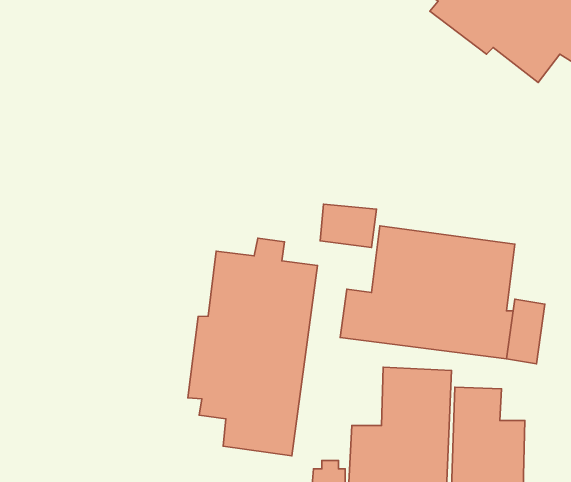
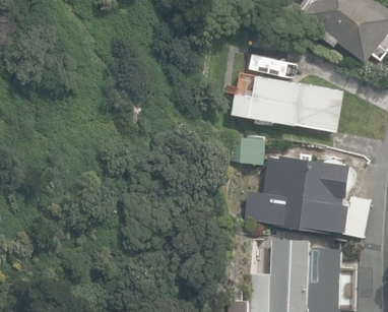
building: none -> [233,75,344,133]
building: [188,238,318,456] -> none

